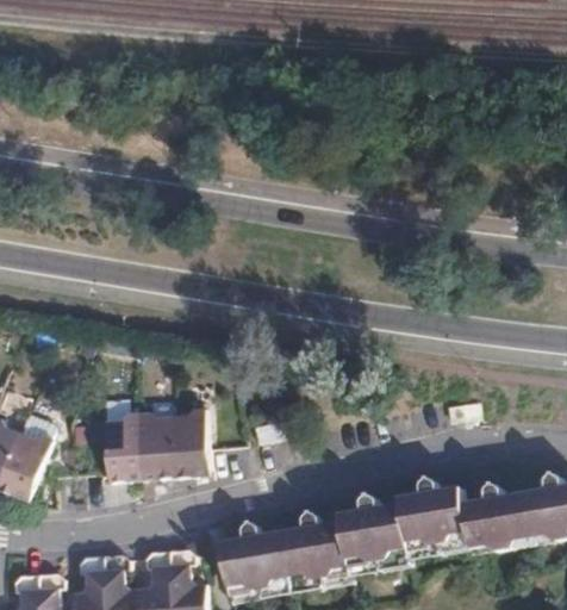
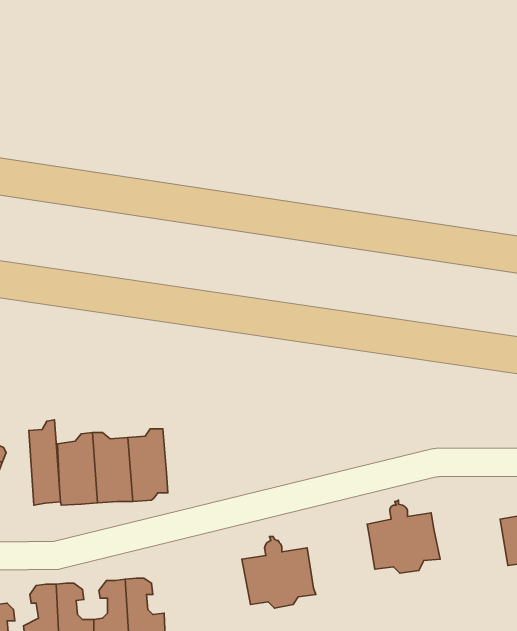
building: none -> [29,420,60,505]
building: [459,481,529,550] -> none
building: [337,492,405,561] -> none
building: [217,519,285,589] -> none

